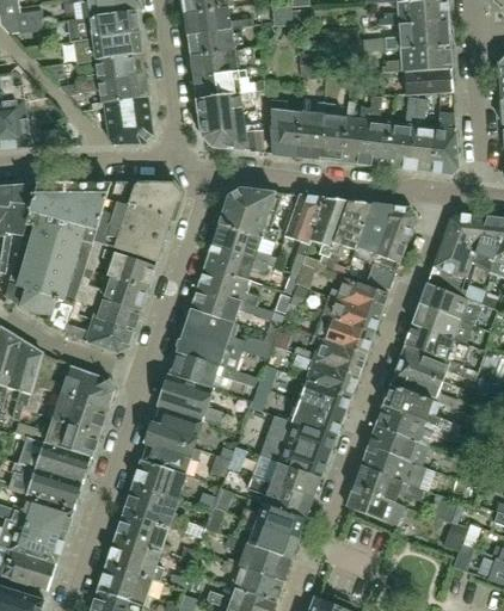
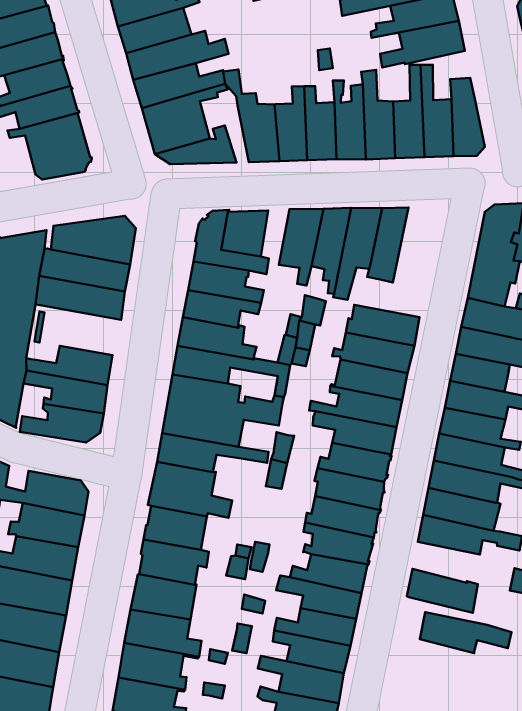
building: [365,205,416,288] -> none
building: [102,248,155,286] -> none
building: [355,464,426,501] -> [420,612,512,653]

